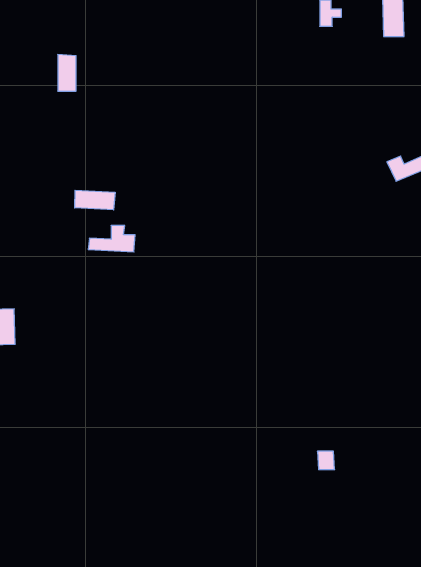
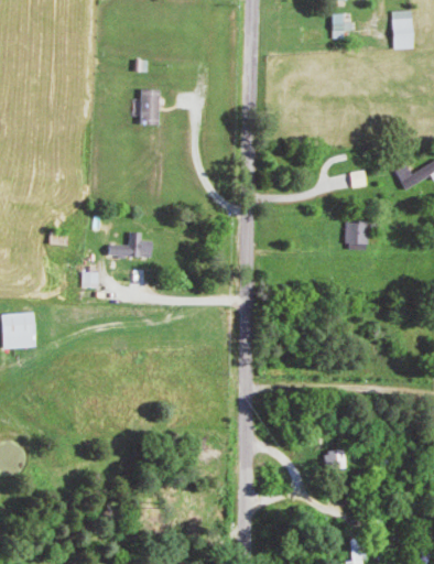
building: [58,55,76,91] -> [139,89,156,124]
building: [75,190,115,210] -> none
building: none -> [345,221,369,245]

